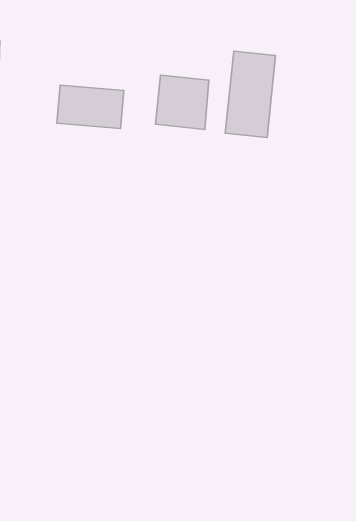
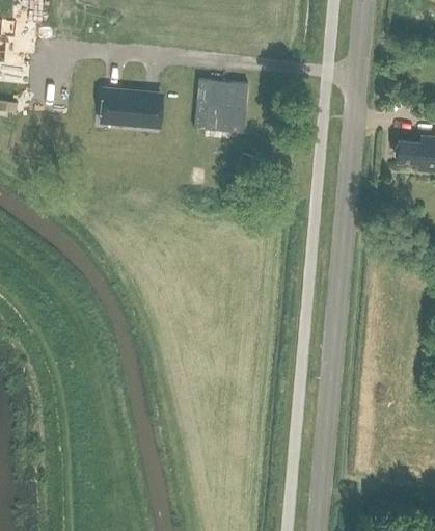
building: [225,51,276,138] -> none

